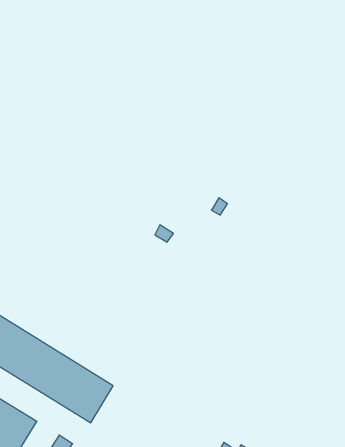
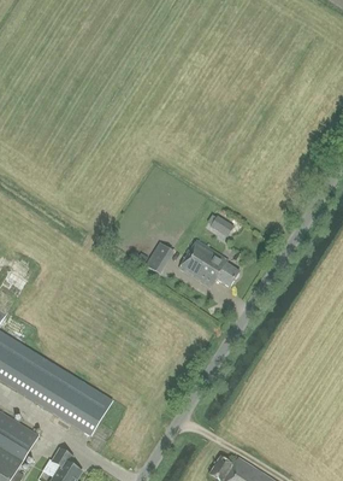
building: none -> [178,240,238,288]

